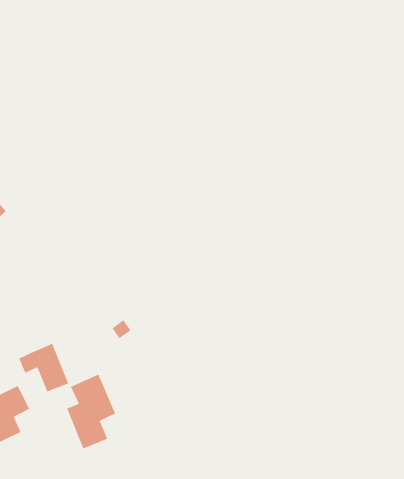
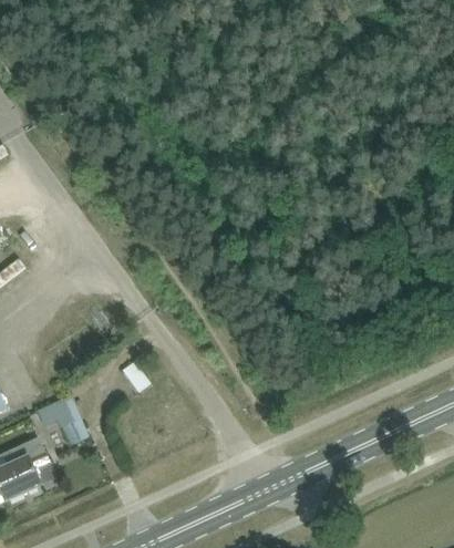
building: [66,374,116,449] -> none

